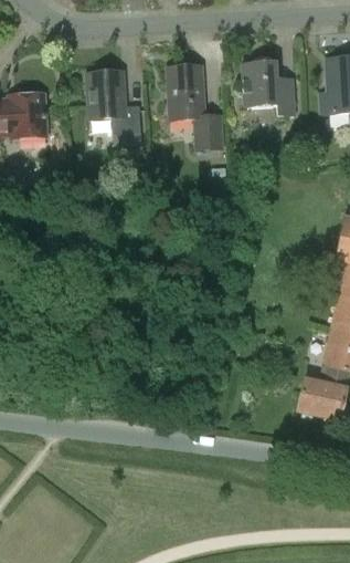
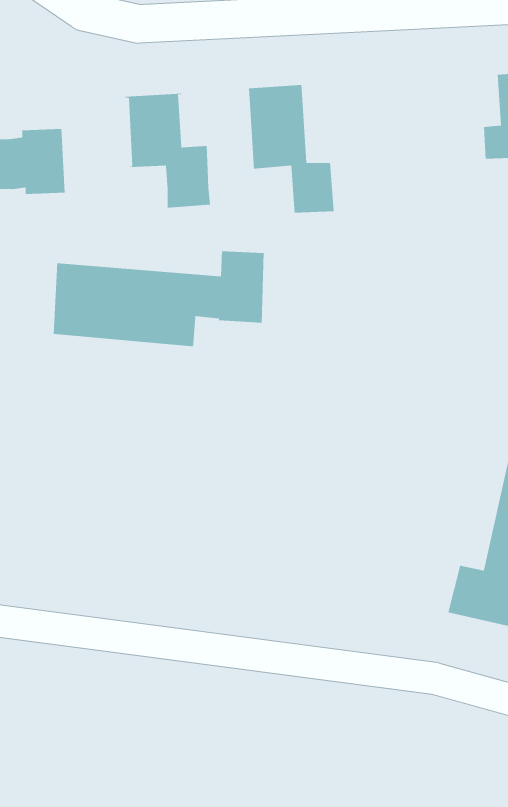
building: [242,55,295,115] -> none
building: none -> [53,250,264,347]

